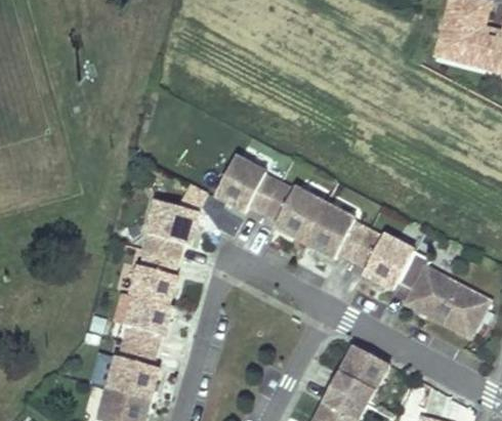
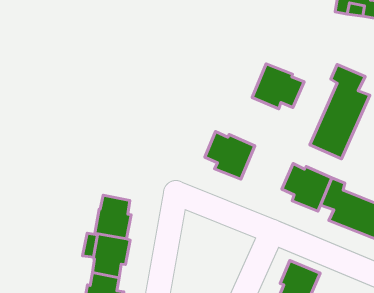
building: none -> [310,64,370,159]
building: [217,158,281,213] -> none
building: [138,198,192,257] -> none
building: [306,205,371,260] -> [252,64,304,109]

